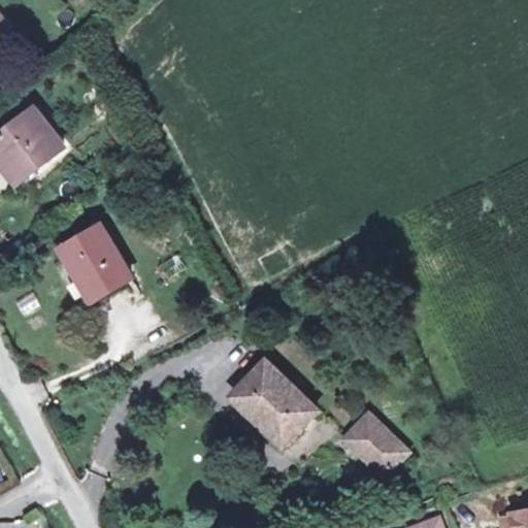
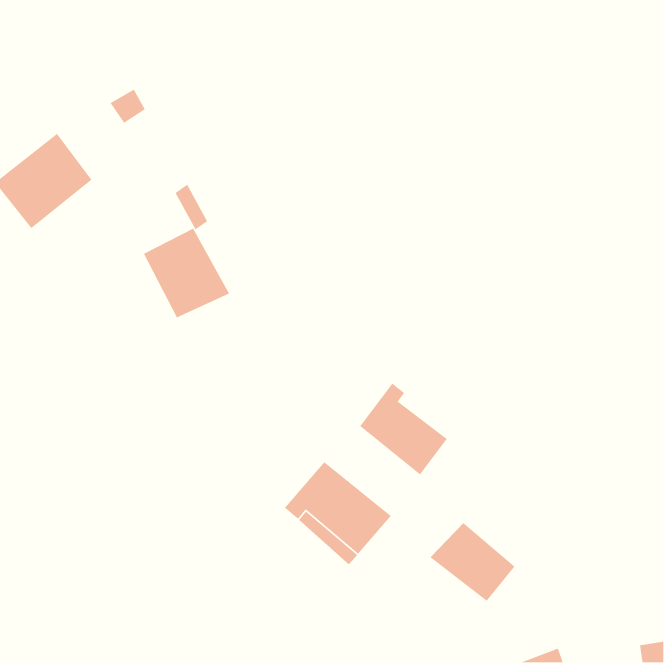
building: [60,223,129,295] -> [143,227,230,319]
building: none -> [359,382,448,476]

